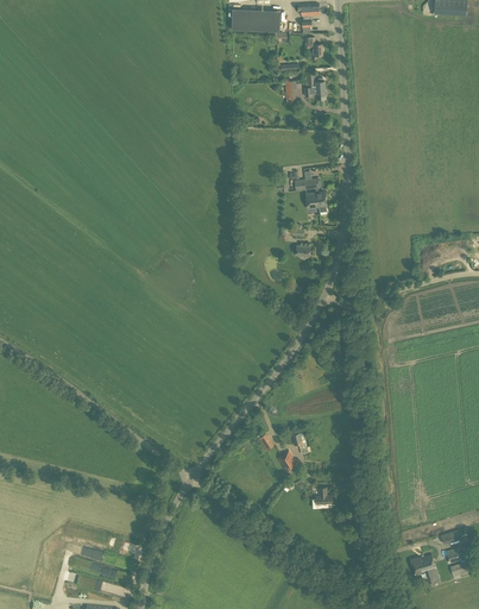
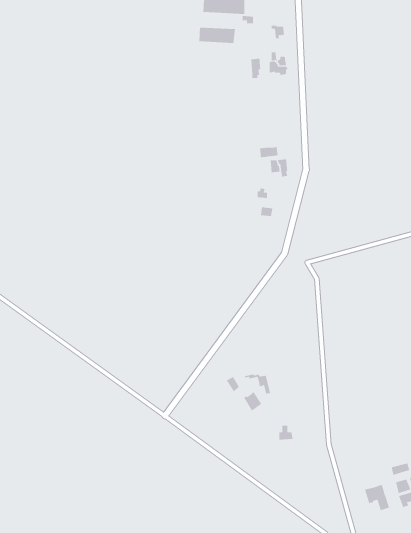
building: none -> [199,27,235,44]

